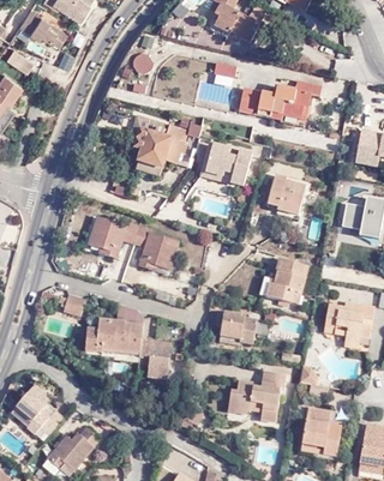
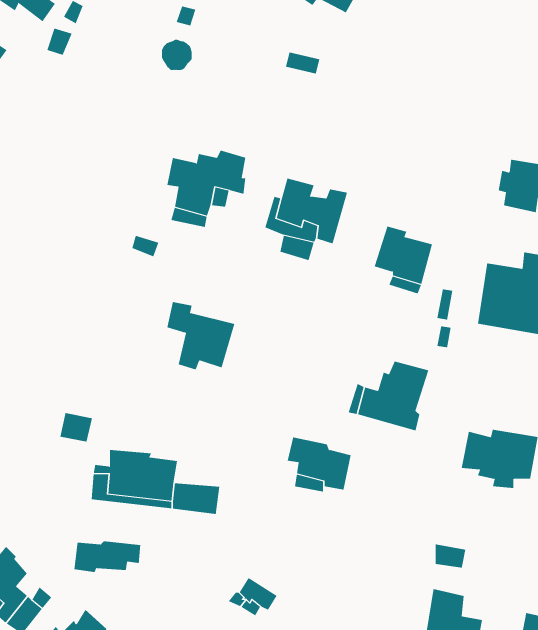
building: [236,82,322,120] -> none
building: [94,220,140,259] -> none
building: [227,375,286,425] -> none
building: none -> [74,540,141,573]

